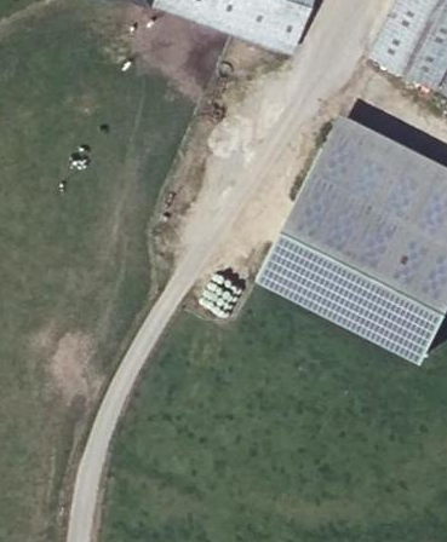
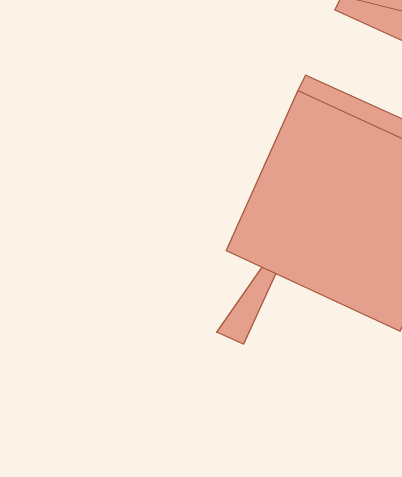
building: none -> [217,267,276,344]

